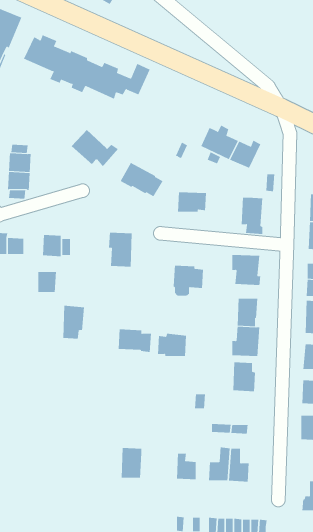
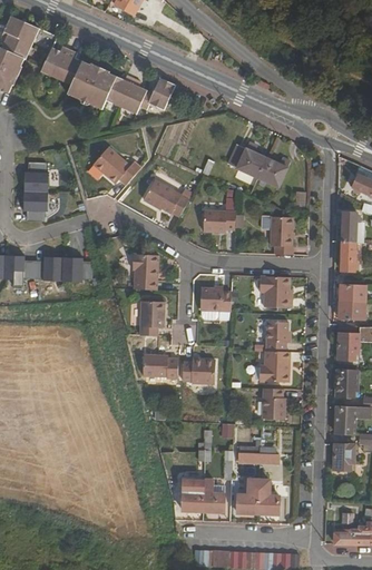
building: [38,271,57,293] -> [42,255,62,277]
building: [63,305,85,339] -> [139,299,163,335]
building: [121,447,142,478] -> [180,479,203,511]

